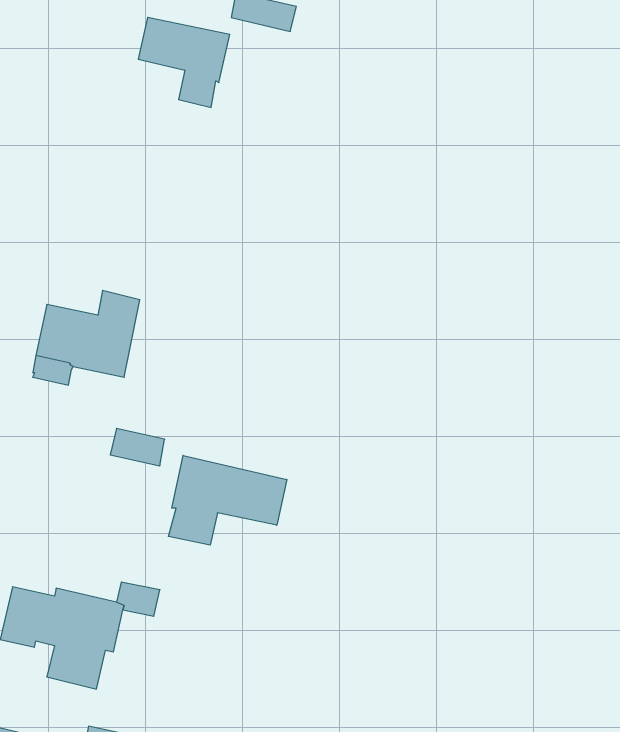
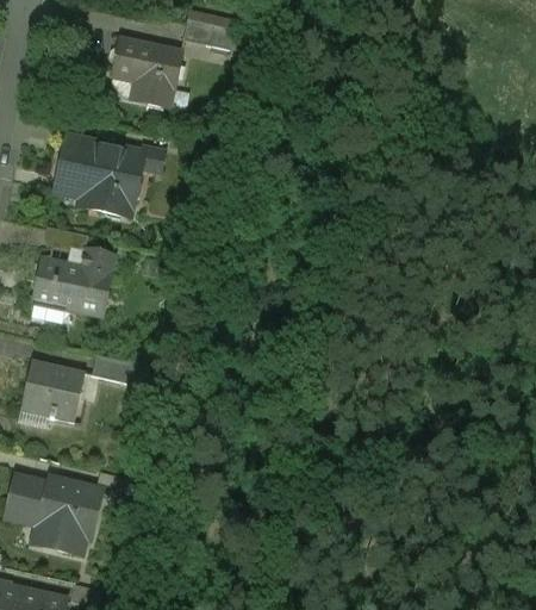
building: none -> [56,136,164,210]
building: none -> [20,359,85,421]
building: [168,455,287,545] -> none

